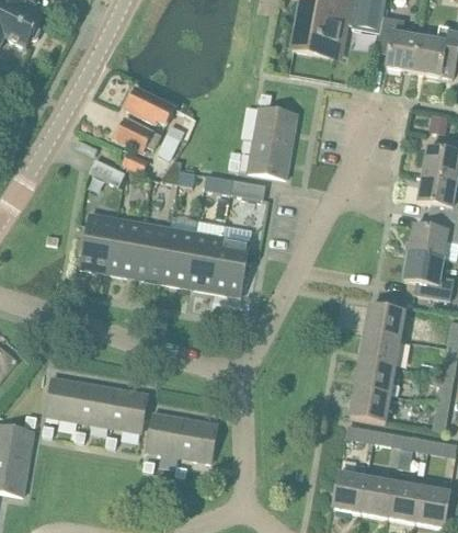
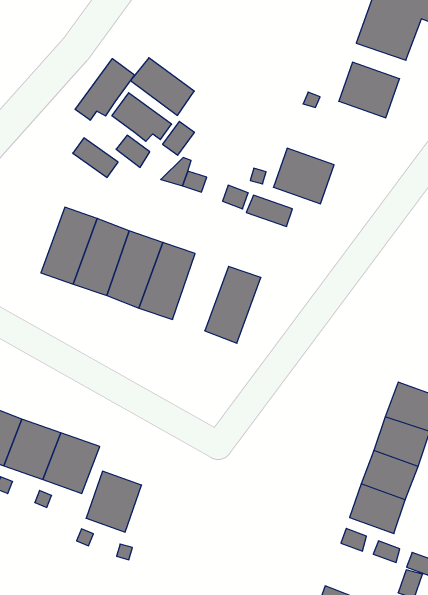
building: none -> [75,59,135,120]
building: [253,107,297,146] -> [339,62,400,118]
building: [187,233,224,291] -> none
building: [179,418,217,462] -> none

